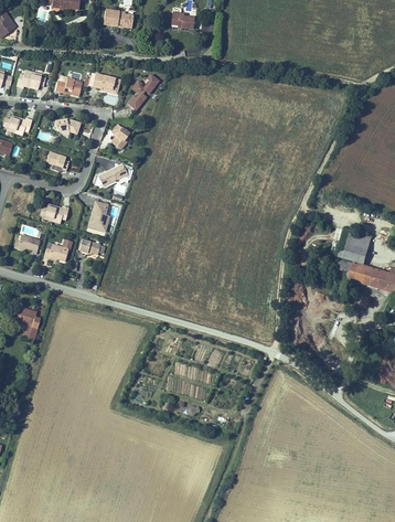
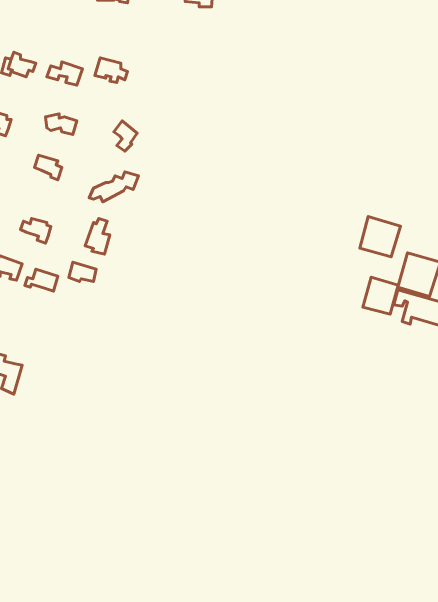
building: [129,73,162,109] -> none
building: none -> [360,217,401,257]
building: none -> [363,277,398,314]

